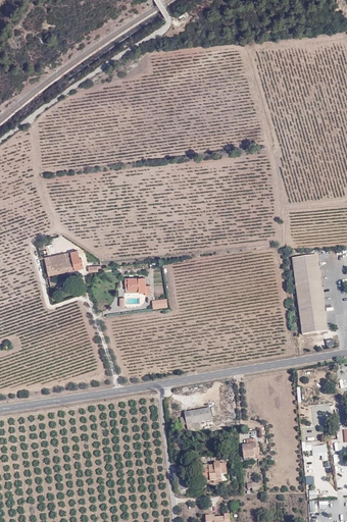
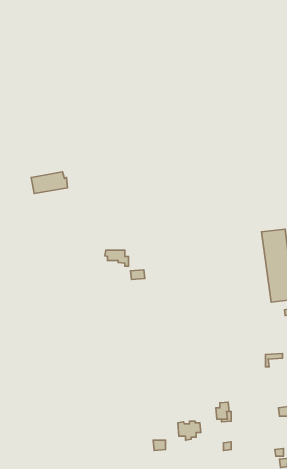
building: [44,250,83,273] -> [31,172,67,194]
building: [185,407,212,429] -> none

